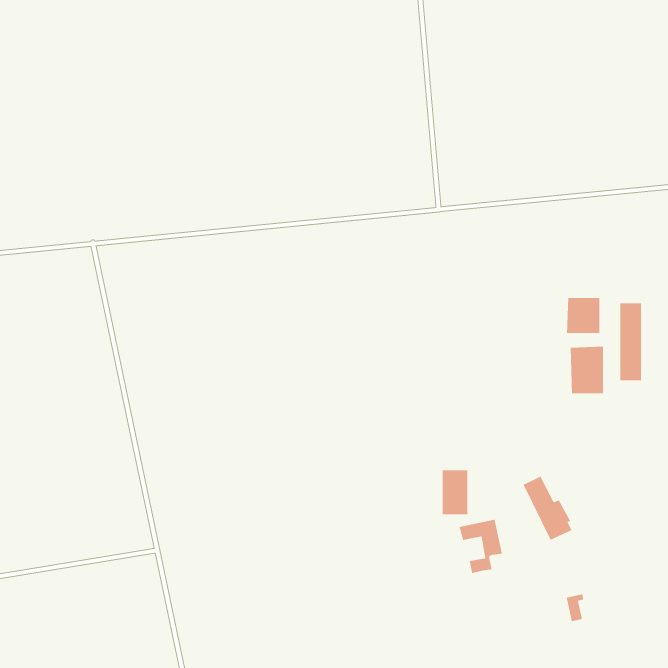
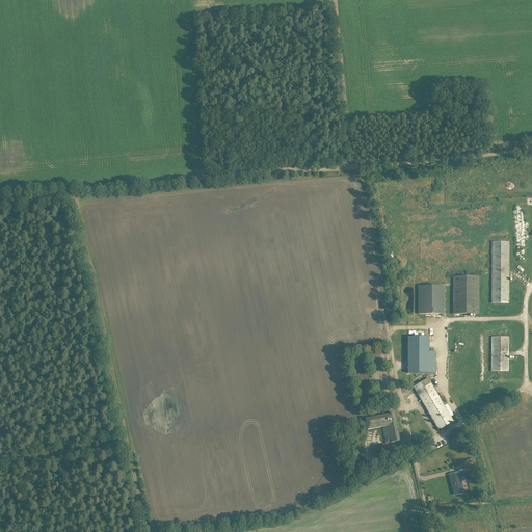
building: [566,297,600,334] -> [418,284,445,313]
building: none -> [490,336,509,370]
building: [442,469,468,515] -> [407,336,428,372]

